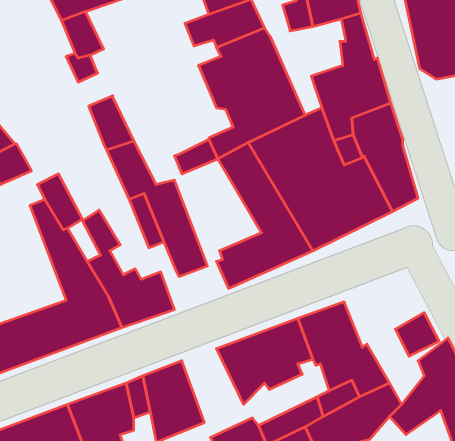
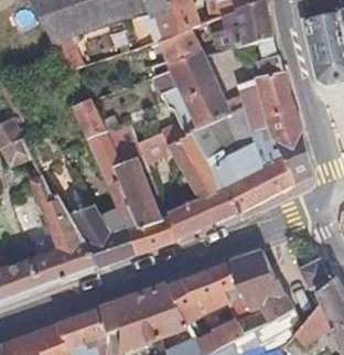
building: none -> [126,218,175,254]
building: none -> [141,282,187,336]

